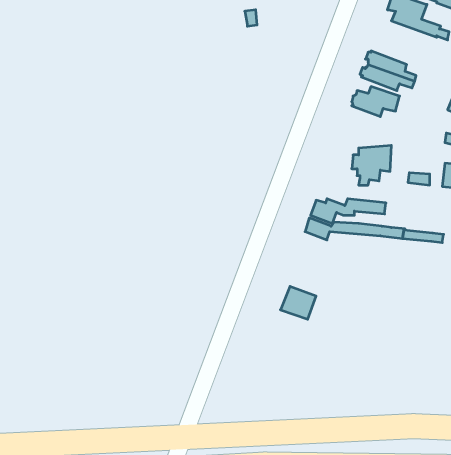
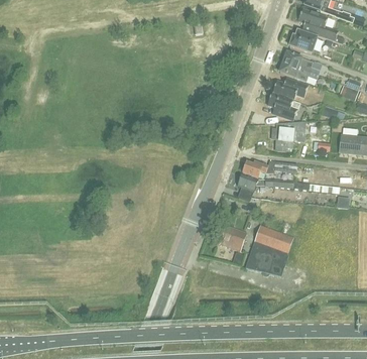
building: none -> [288,30,324,52]
building: none -> [267,92,297,119]
building: none -> [246,223,294,274]

